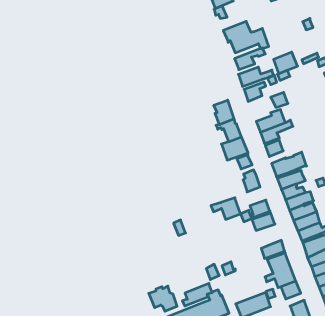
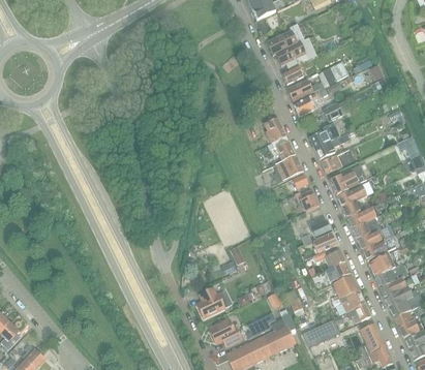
building: [211,198,241,219] -> [312,245,344,269]
building: none -> [196,288,224,318]

